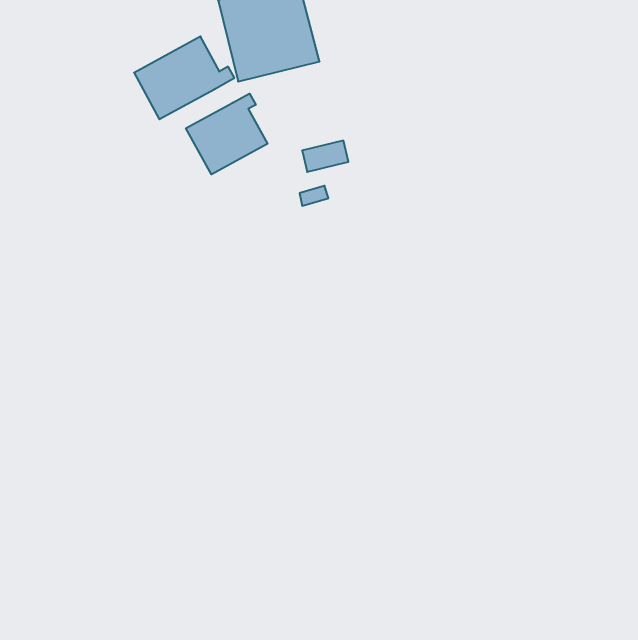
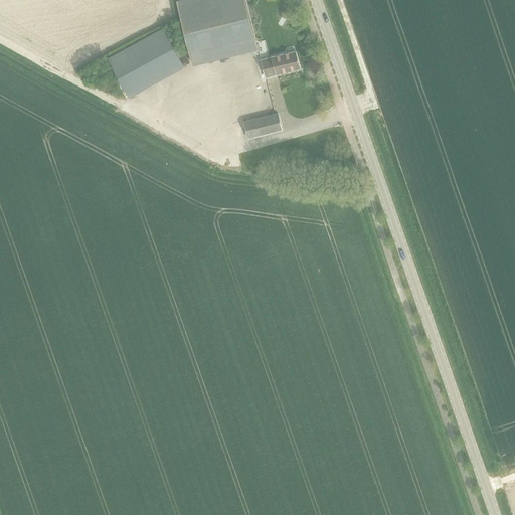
building: none -> [260,51,299,76]
building: [186,94,268,174] -> none

